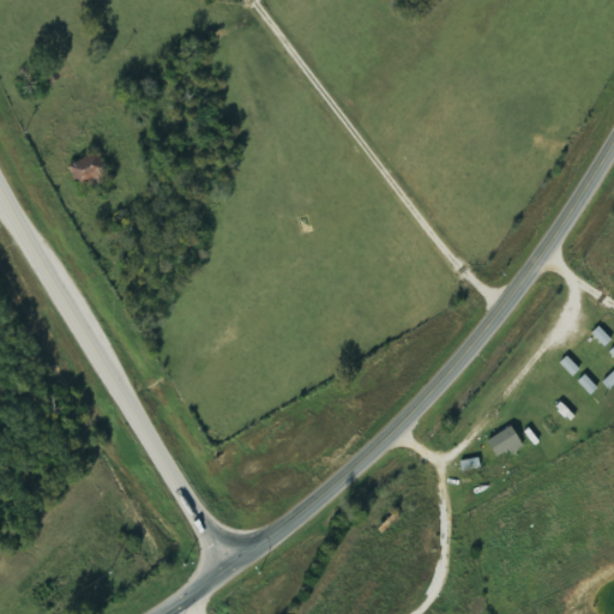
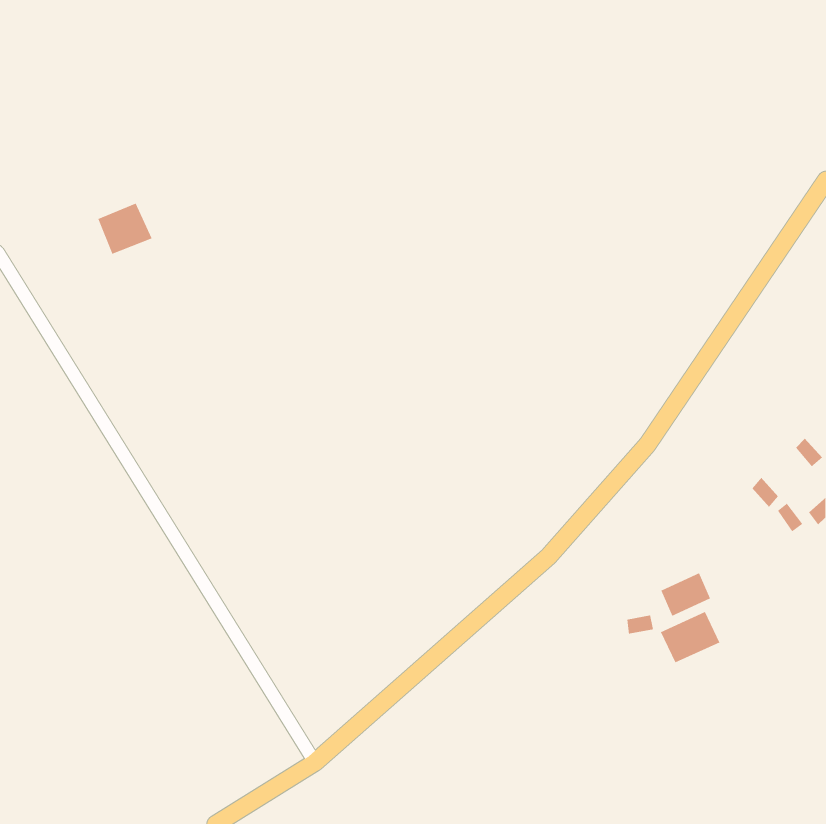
building: none -> [660,611,720,663]

